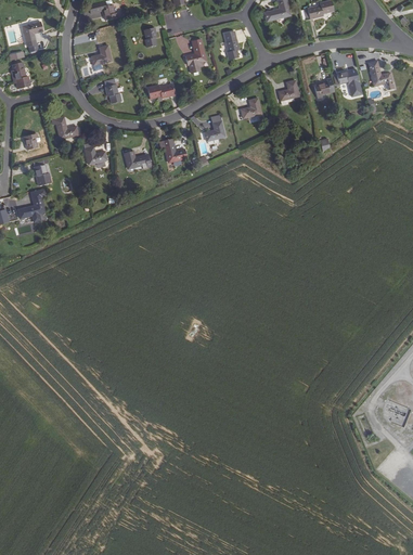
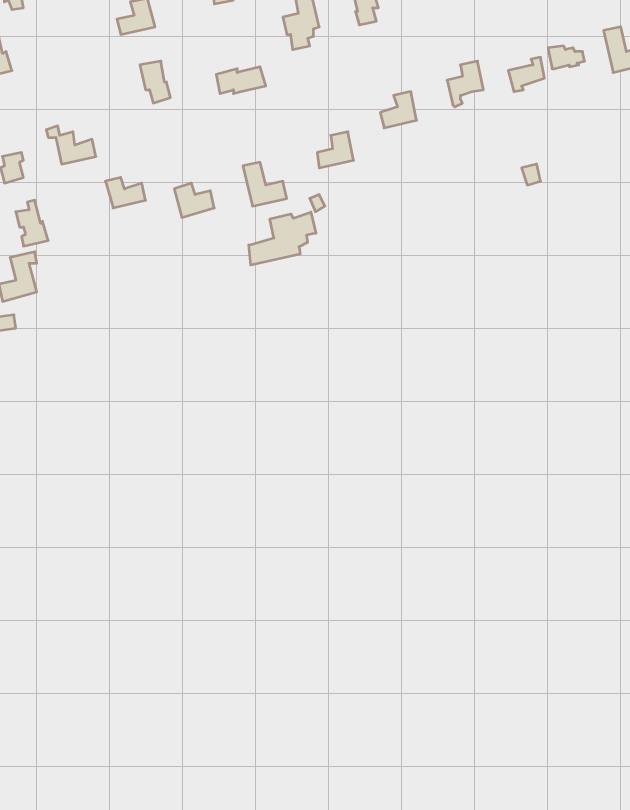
building: none -> [249,212,316,265]

